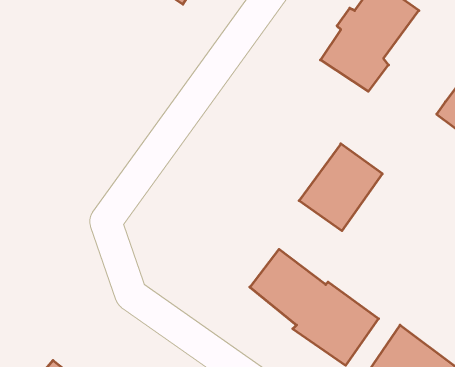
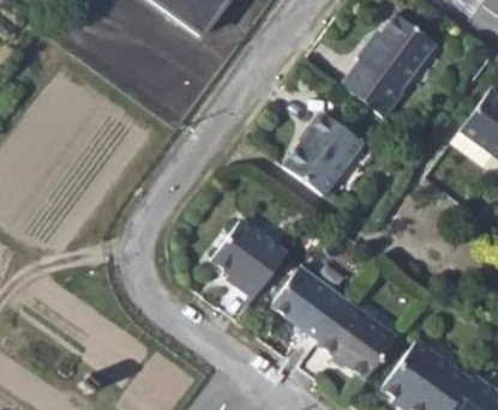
building: [299,144,382,231] -> [282,111,361,194]
building: none -> [210,218,284,295]

